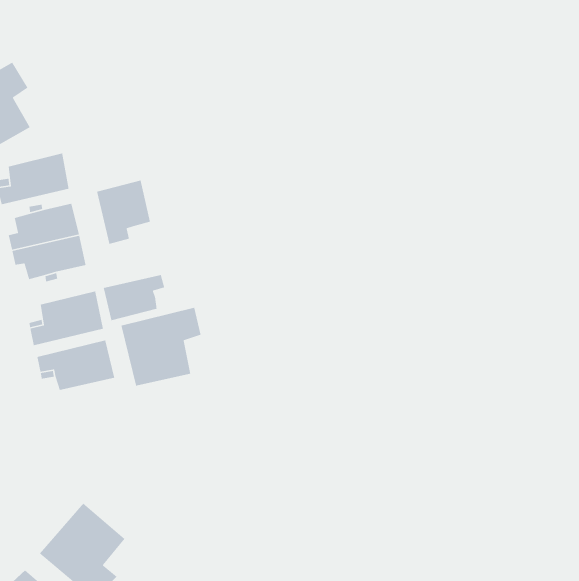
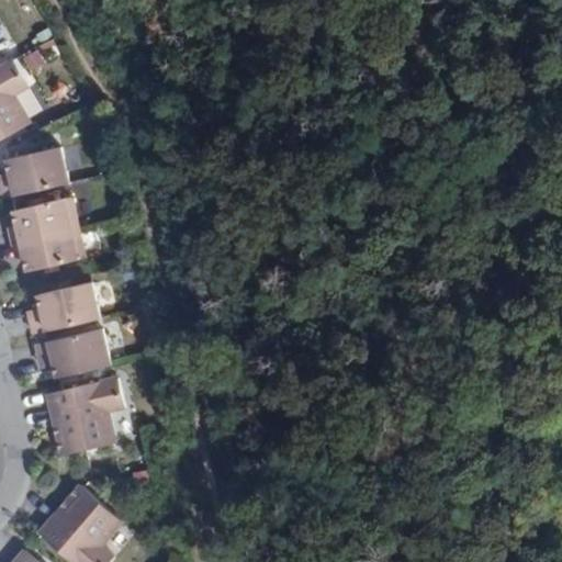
building: [96,180,151,245] -> none
building: [103,274,165,321] -> none
building: [121,307,202,387] -> [46,379,124,456]

